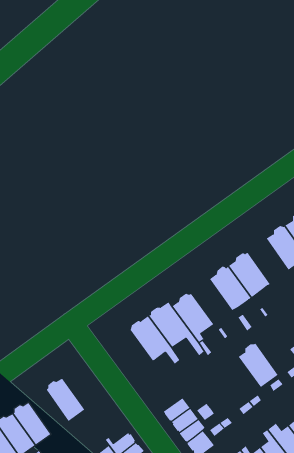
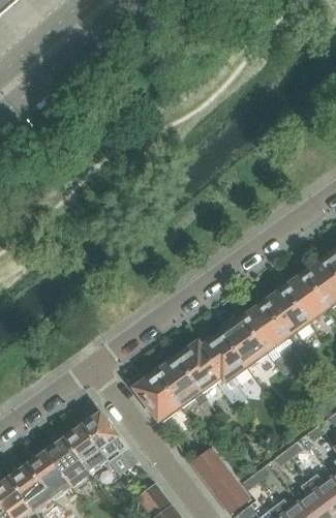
building: none -> [284,272,329,322]
building: none -> [133,372,180,422]
building: [238,343,278,388] -> [222,316,267,366]
building: none -> [81,412,136,468]
building: none -> [43,438,87,487]

